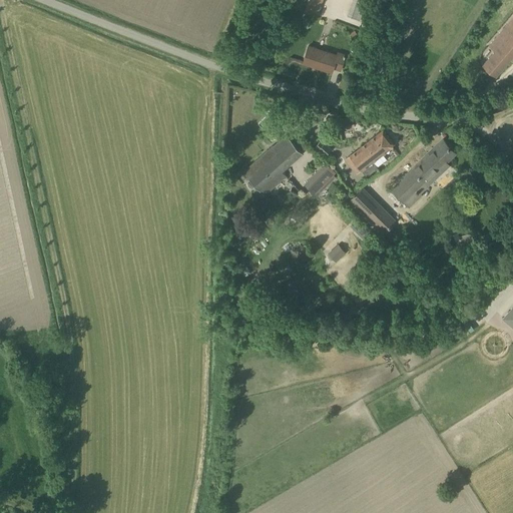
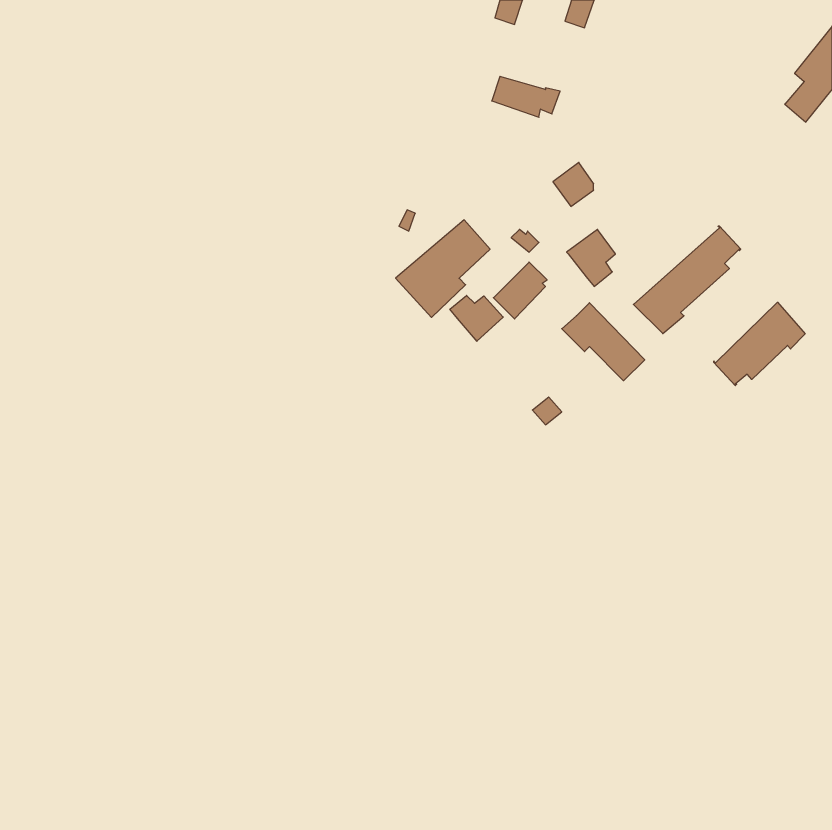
building: [368,130,393,157] -> [553,162,594,206]
building: none -> [450,295,503,341]
building: none -> [714,302,805,386]

